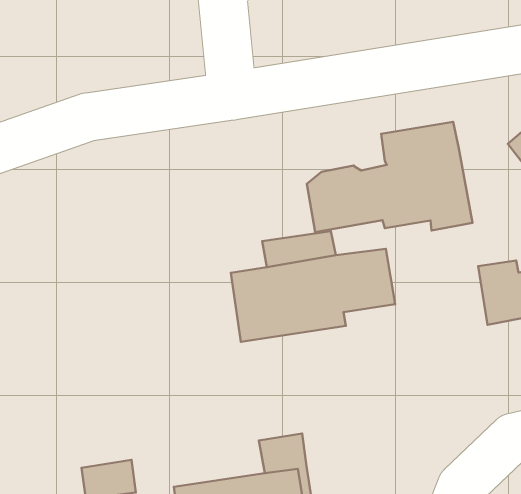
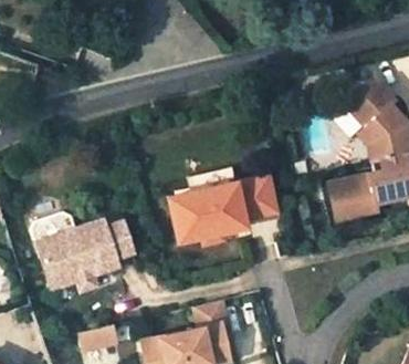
building: [307,122,472,232] -> none
building: none -> [31,215,133,292]

